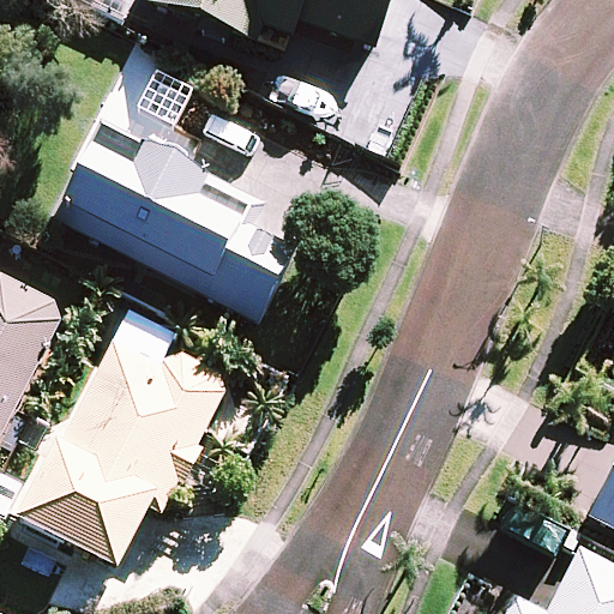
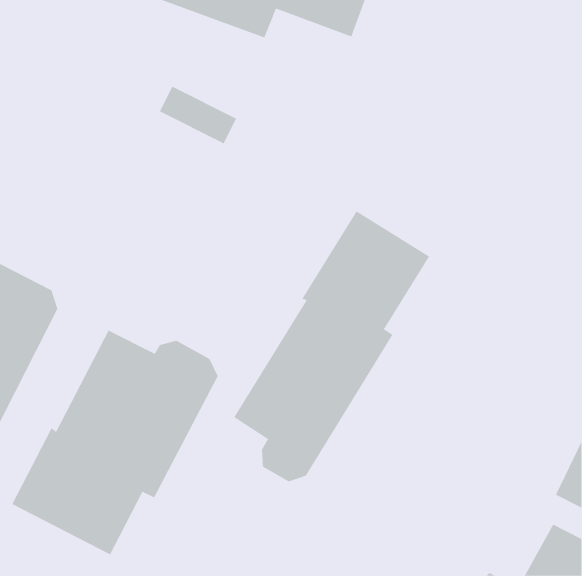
building: [50,115,283,311] -> none
building: none -> [233,210,430,482]

